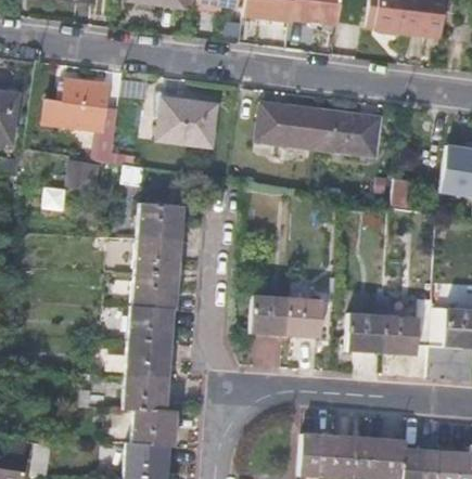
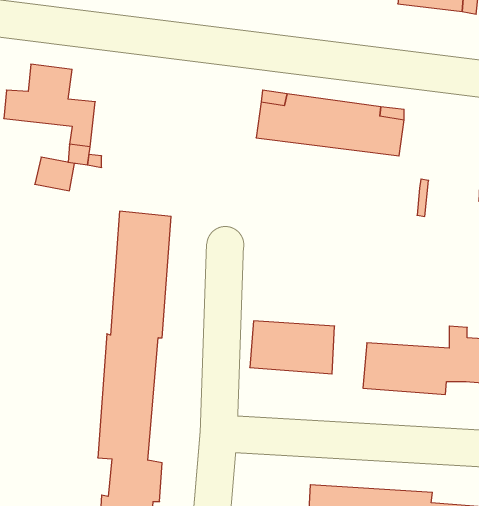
building: [158,96,220,147] -> none

